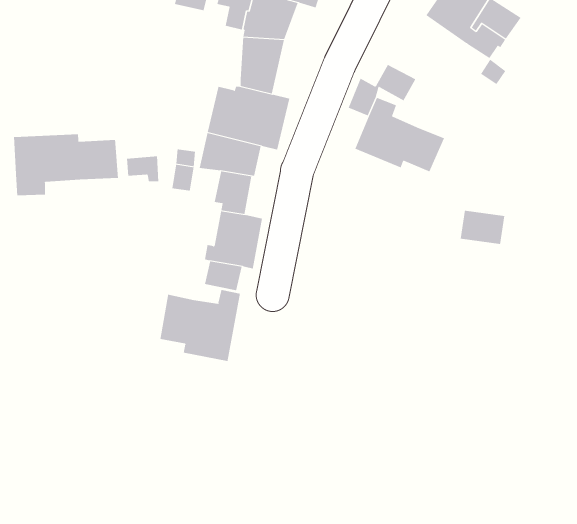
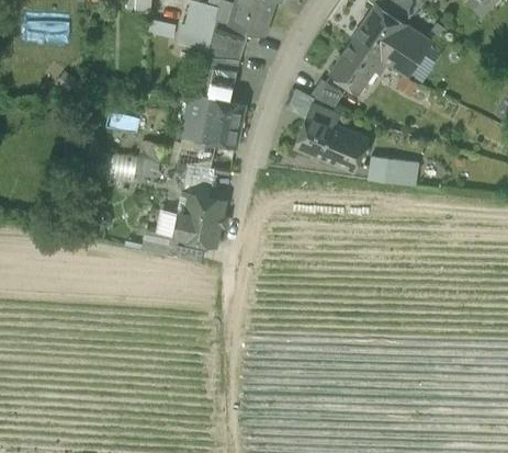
building: none -> [329,39,385,92]
building: [13,133,119,196] -> none
building: [460,210,505,244] -> [368,157,404,184]
building: [160,289,241,362] -> none

